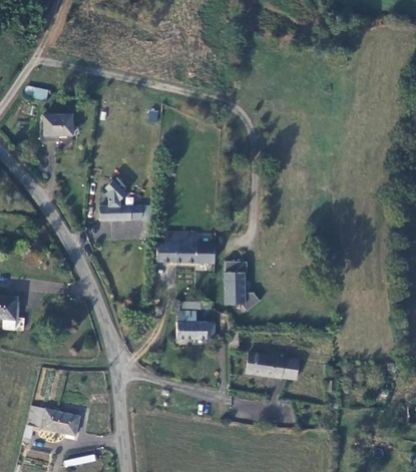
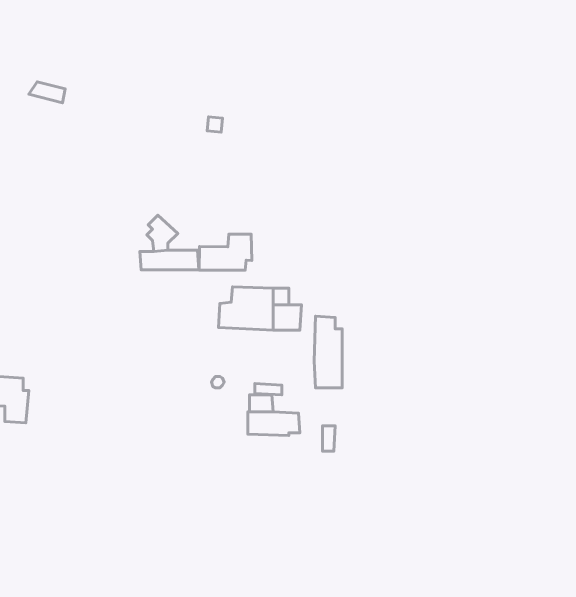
building: [43,115,72,140] -> none
building: none -> [199,234,252,270]
building: [246,351,298,378] -> none
building: [24,404,80,437] -> none

